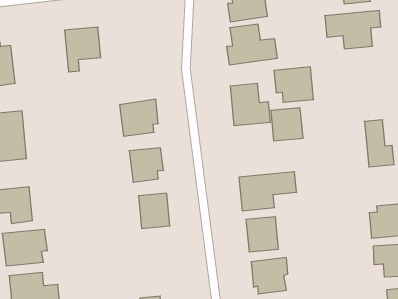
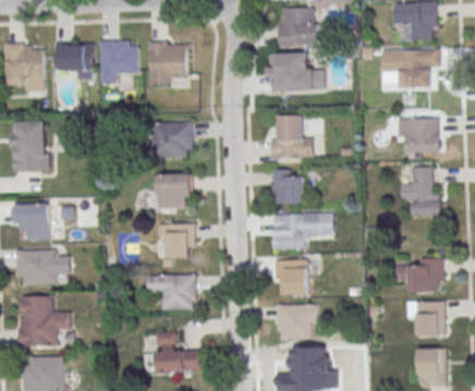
building: none -> [148,40,185,84]
building: none -> [52,41,93,75]
building: [274,67,314,102] -> [398,118,437,152]
building: [271,108,303,141] -> [271,170,303,203]
building: none -> [147,274,195,309]

